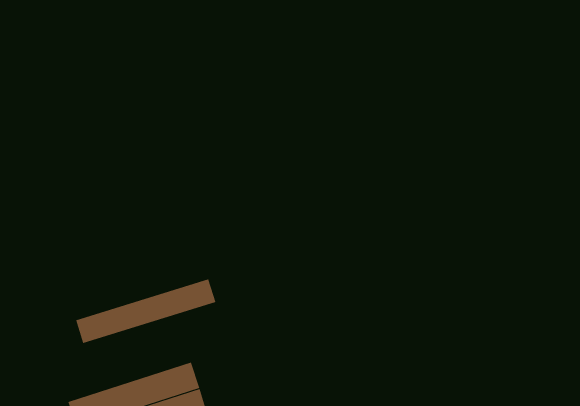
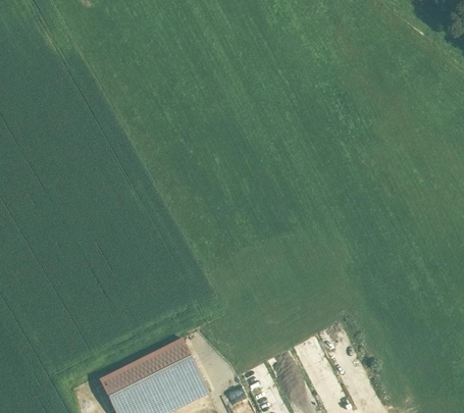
building: [75,279,216,344] -> none

